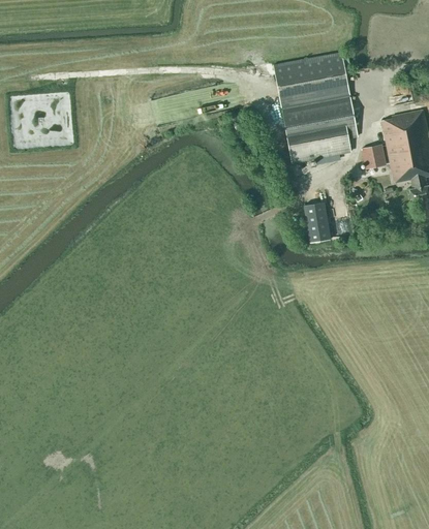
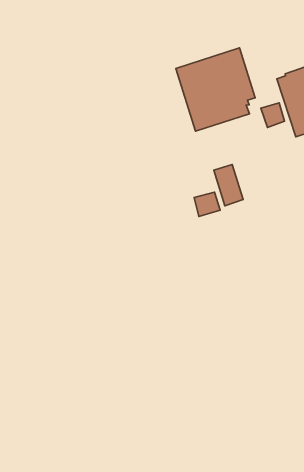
building: [275,52,348,95] -> none
building: none -> [194,192,220,217]

